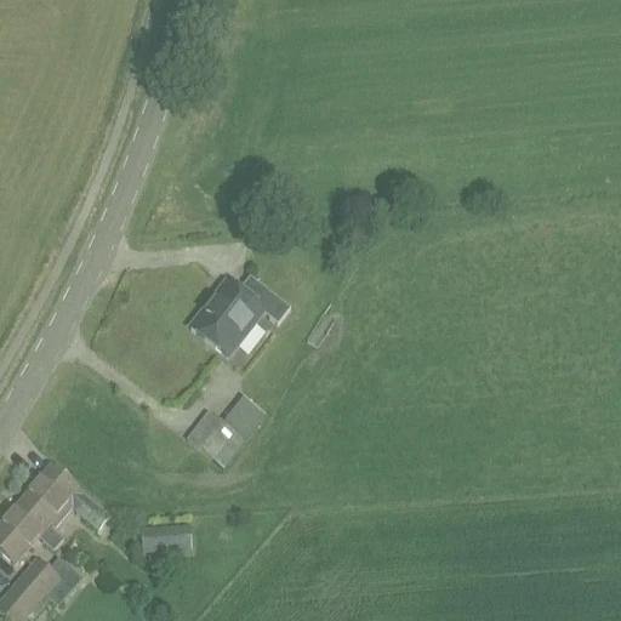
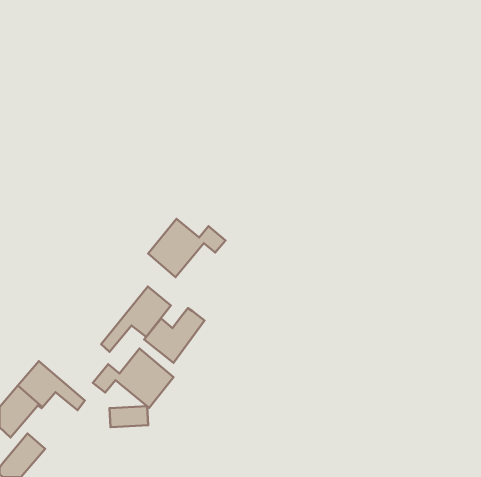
building: none -> [101,287,171,352]
building: none -> [93,349,174,408]

